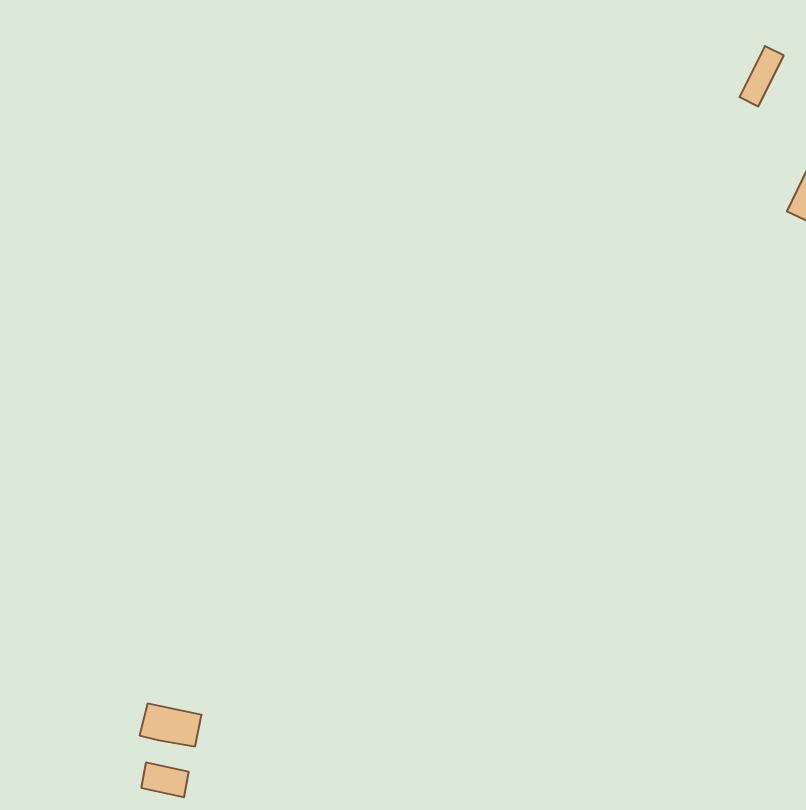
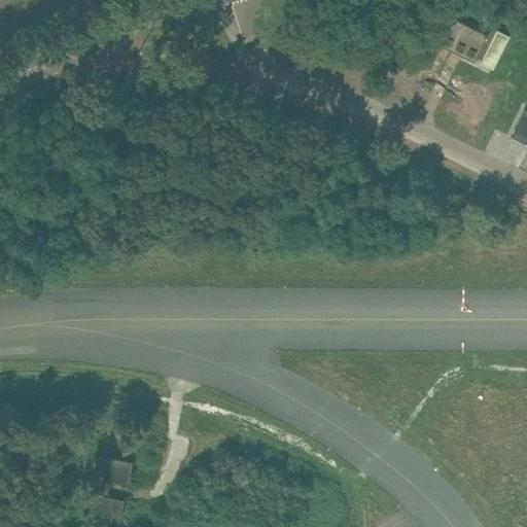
building: none -> [443,21,487,61]

